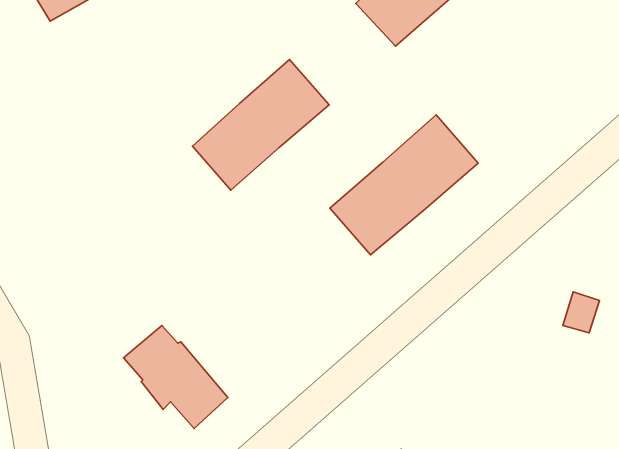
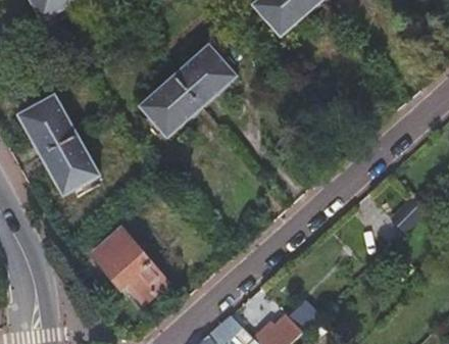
building: [330,115,478,255] -> none
building: none -> [18,94,98,193]

